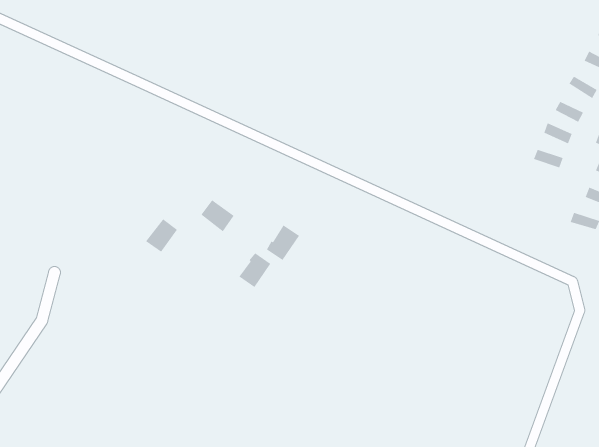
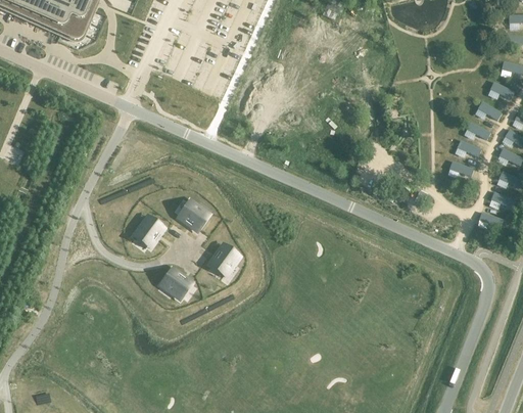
building: [266,224,300,261] -> none
building: none -> [162,270,191,296]

